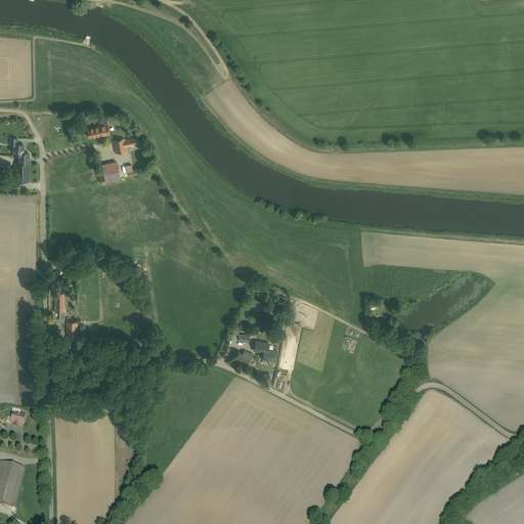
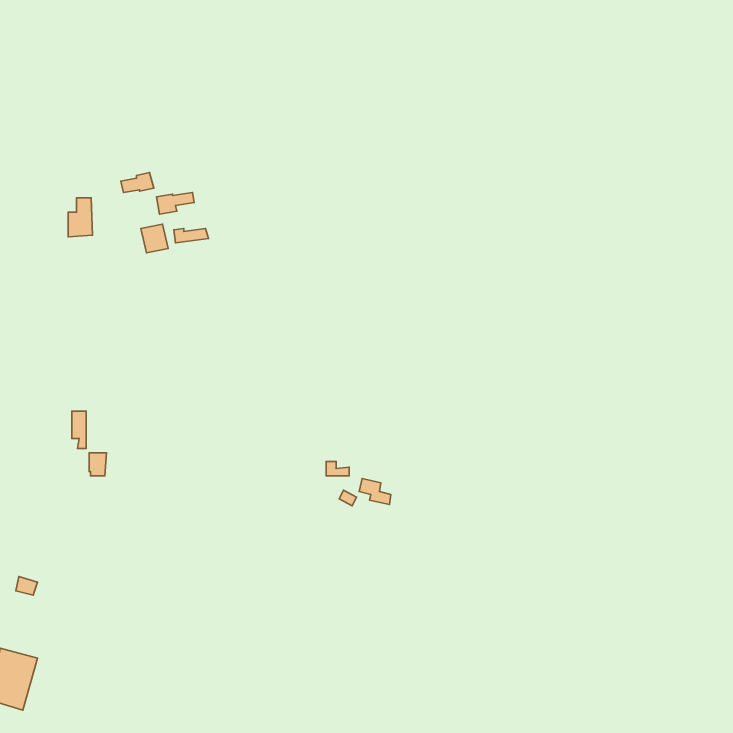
building: [12,152,30,180] -> [68,198,92,237]

